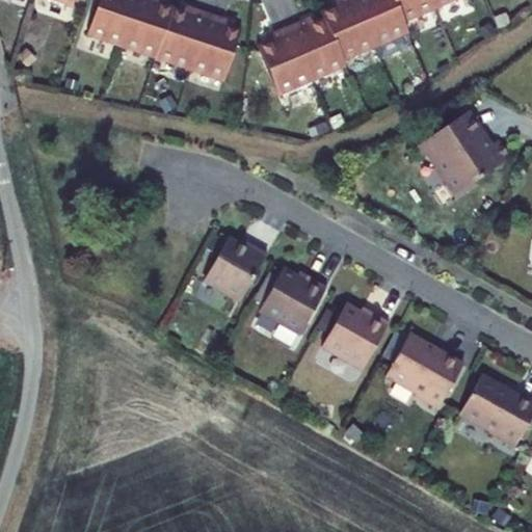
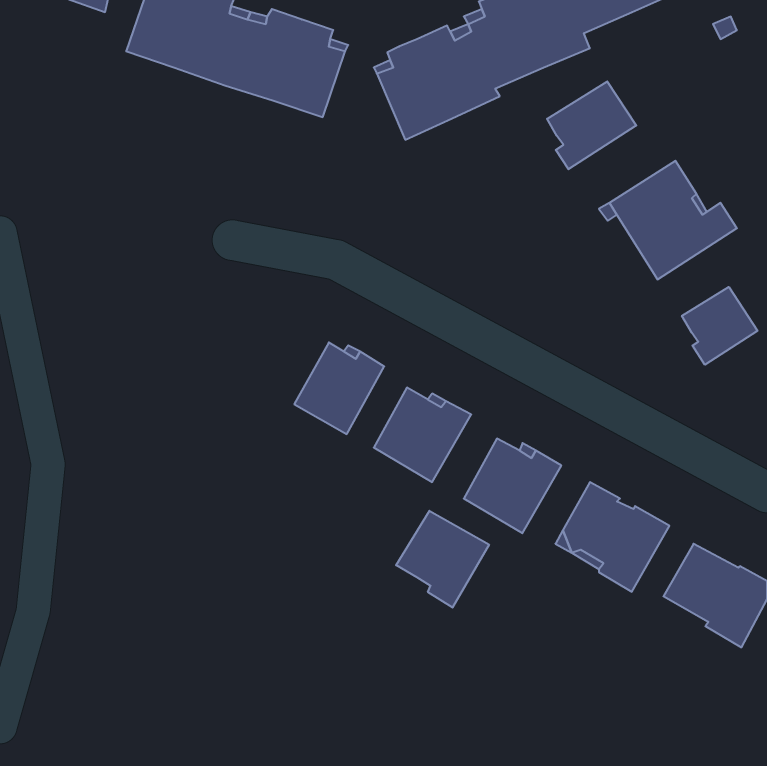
building: none -> [547,81,636,169]
building: none -> [682,287,757,365]
building: none -> [396,511,489,608]

